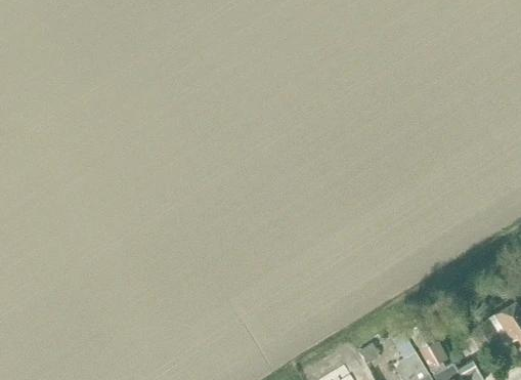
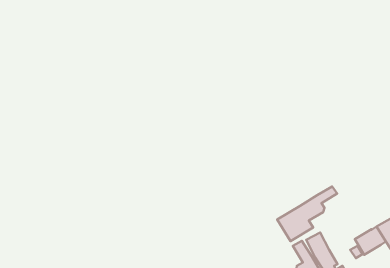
building: none -> [277,186,337,241]

